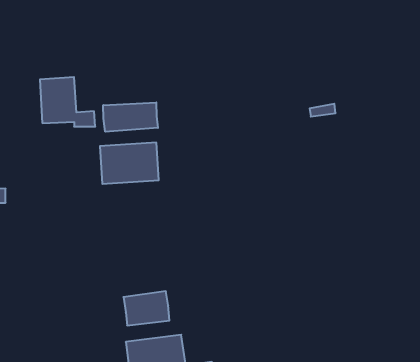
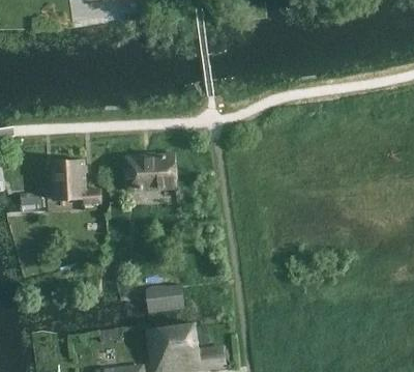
building: [40,77,95,127] -> [52,159,100,202]
building: [103,102,158,132] -> none

